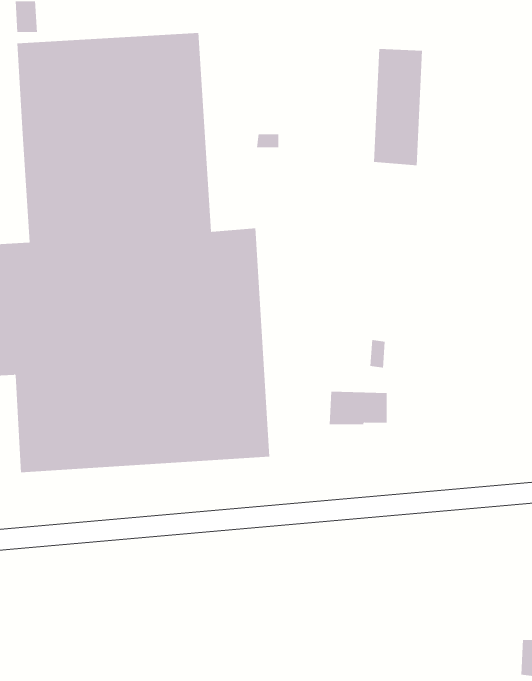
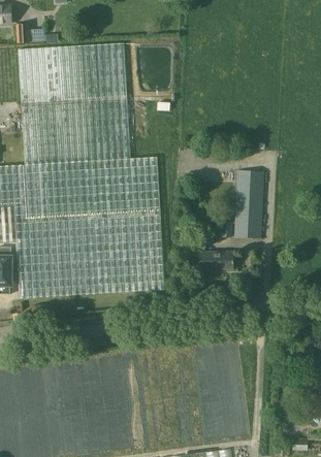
building: [373,49,423,166] -> [234,170,263,238]

